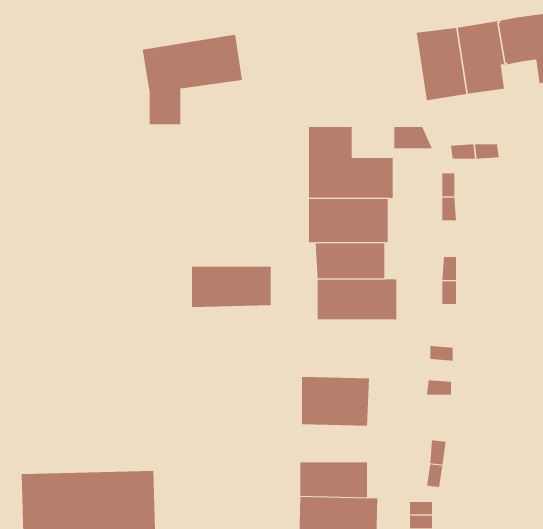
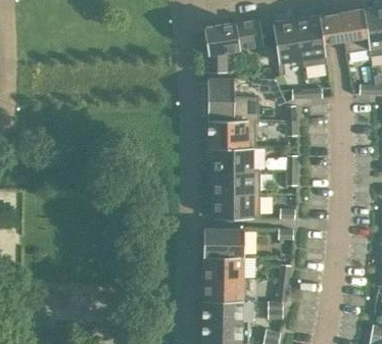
building: [142,34,243,125] -> [202,19,262,73]
building: [191,266,272,307] -> [211,195,259,219]
building: none -> [201,257,242,280]

